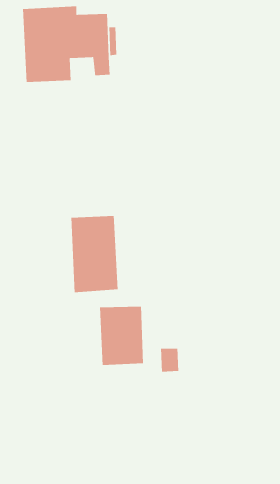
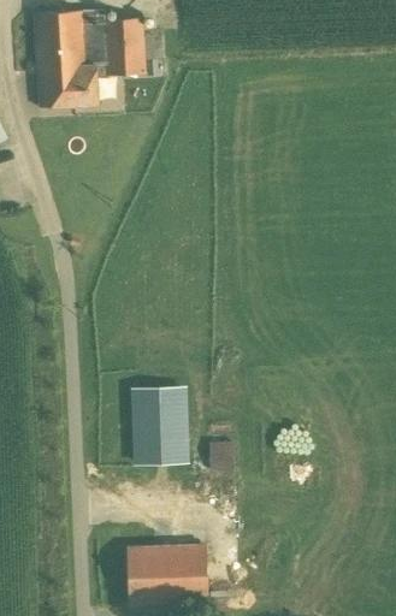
building: [71,215,119,293] -> none
building: none -> [126,544,205,605]

